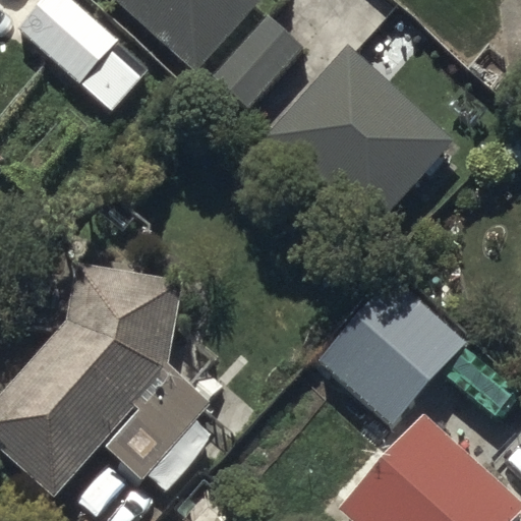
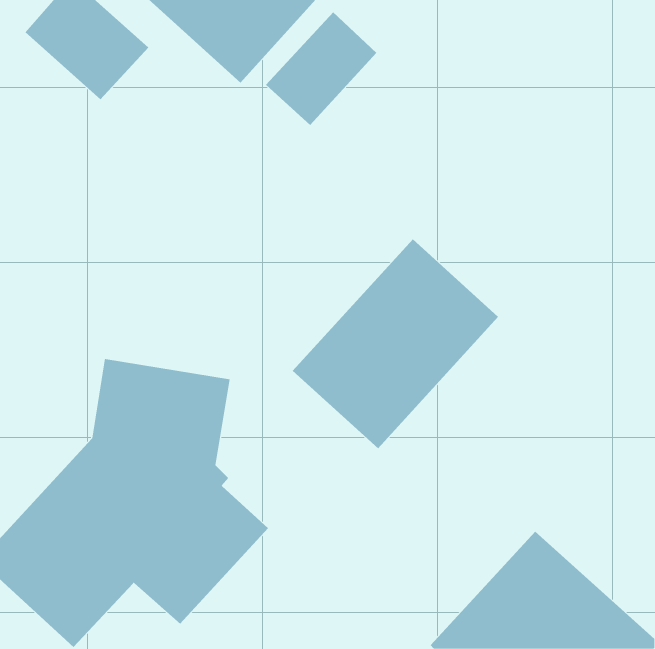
building: [271,44,450,221] -> none
building: [299,278,463,445] -> [292,239,499,449]

